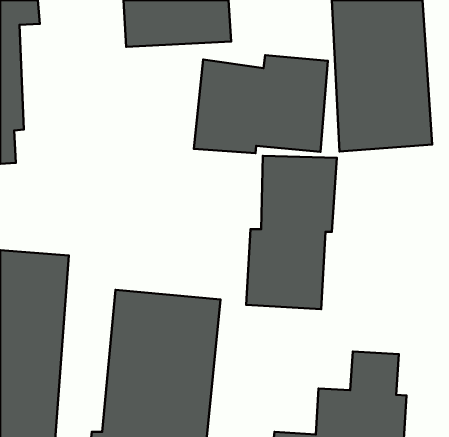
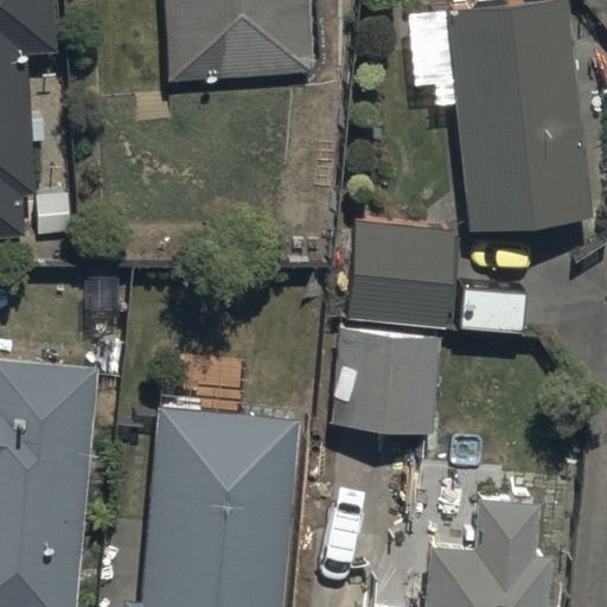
building: [194,55,328,153] -> none

